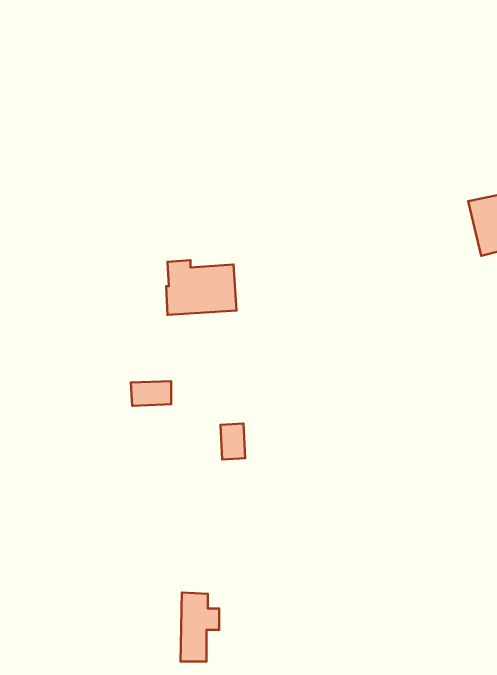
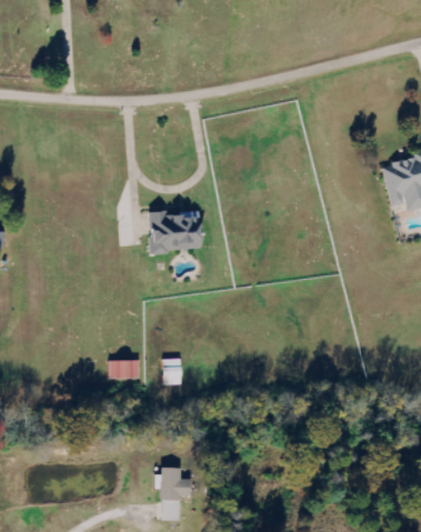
building: [131,381,171,406] -> [109,360,140,379]
building: [221,424,245,459] -> [162,358,181,385]

